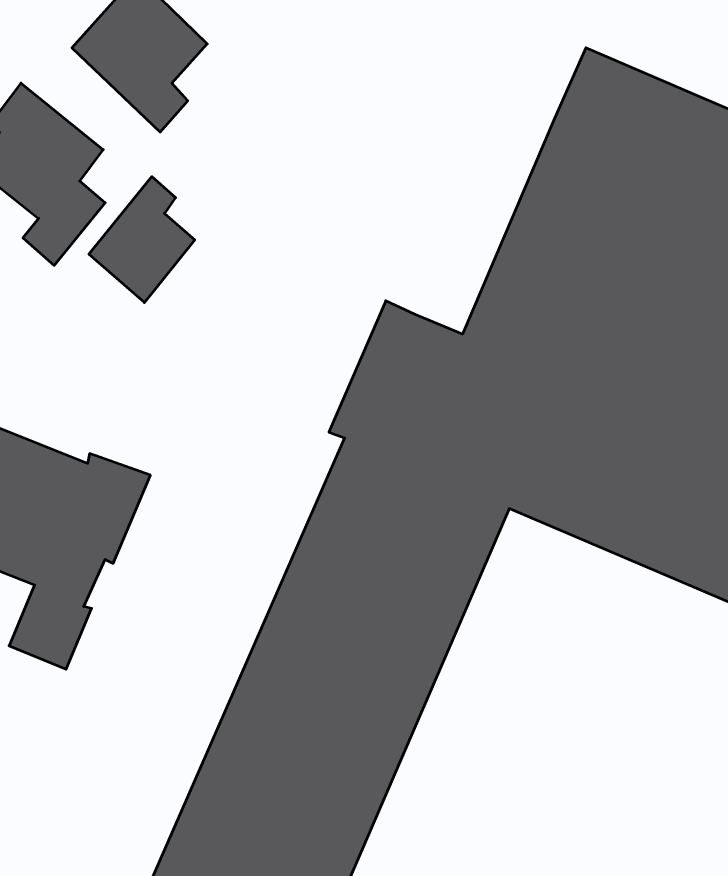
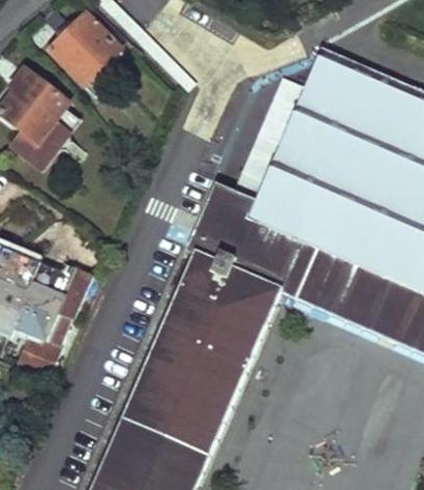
building: none -> [233,75,306,199]
building: [89,177,195,303] -> none

